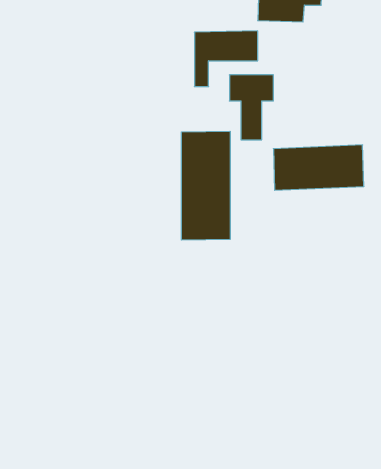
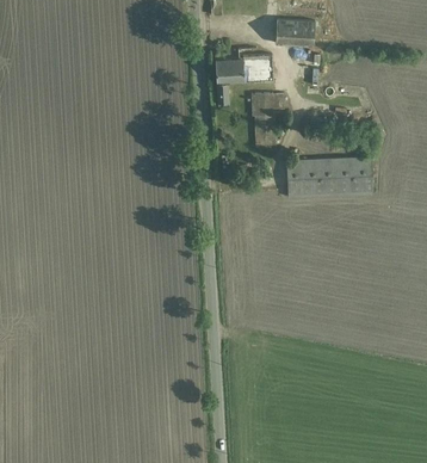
building: [182,131,230,240] -> none

